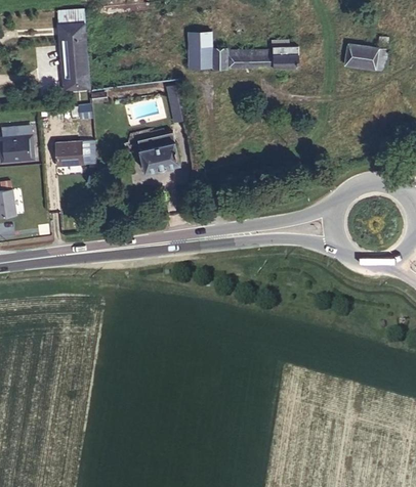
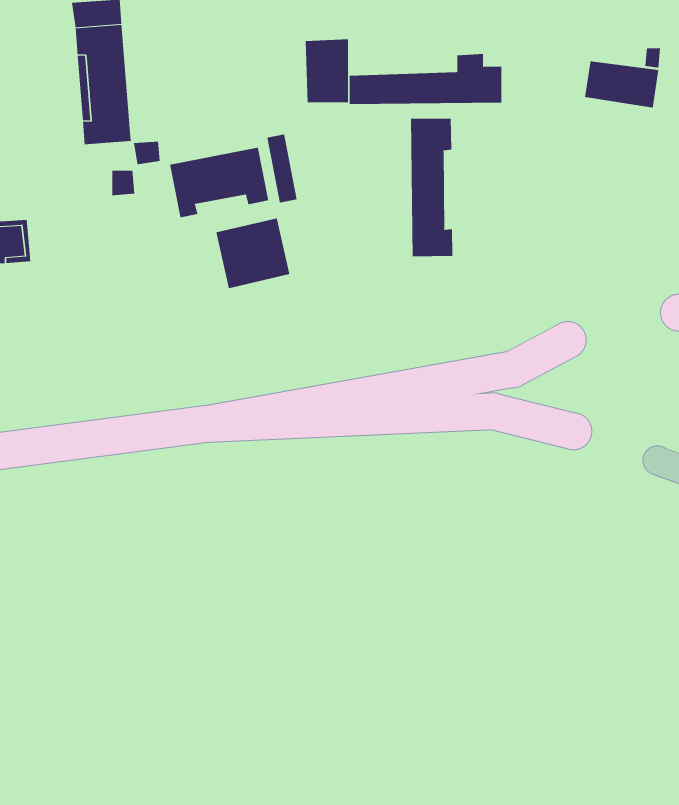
building: none -> [411,118,453,257]
building: none -> [169,147,269,218]
building: [55,140,83,165] -> none

